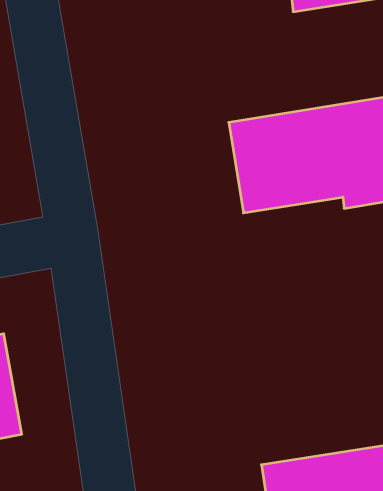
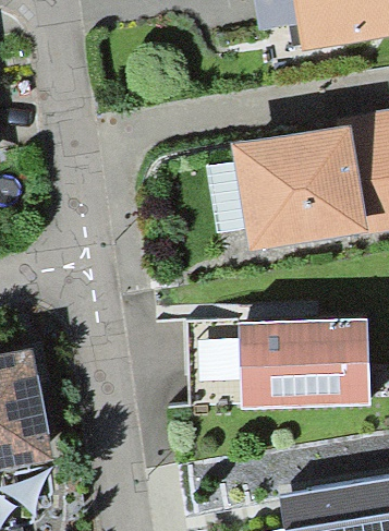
building: none -> [251,325,379,413]

